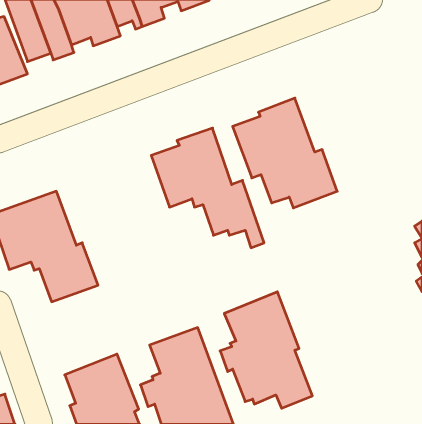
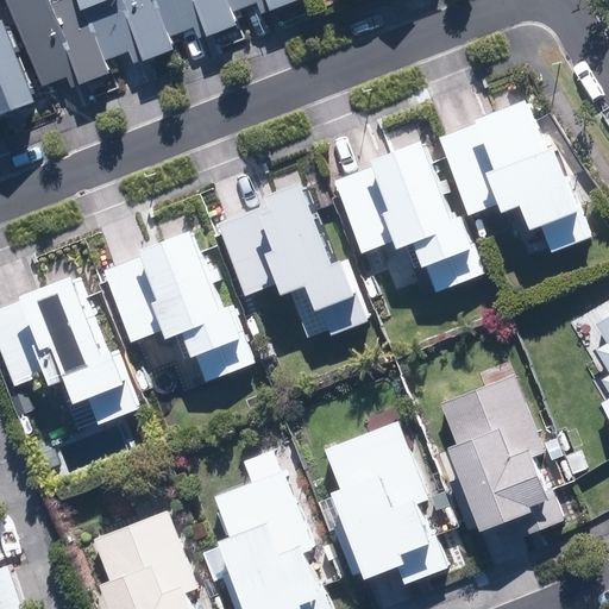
building: none -> [437,102,590,255]
building: none -> [103,213,255,381]
building: none -> [439,360,563,536]

